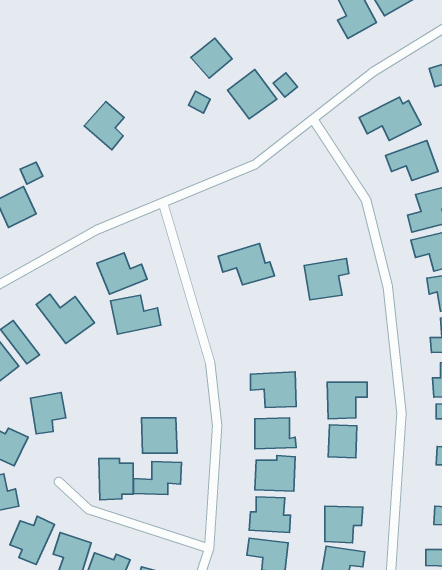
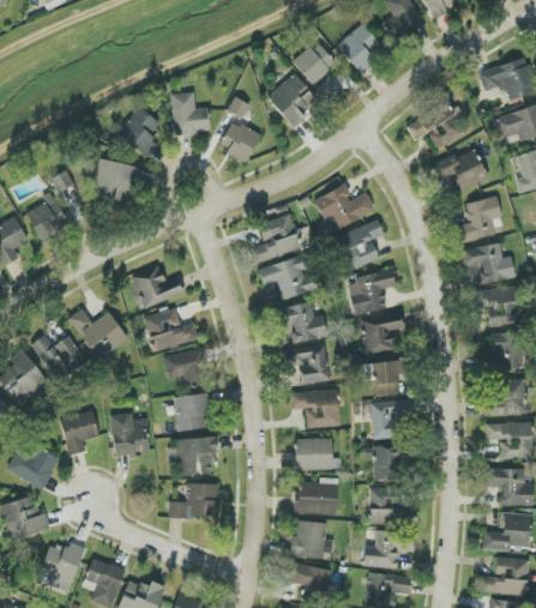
building: none -> [337,23,384,71]
building: [191,38,232,78] -> [293,42,336,84]
building: none -> [171,92,210,134]
building: none -> [222,121,259,162]
building: none -> [92,159,135,204]
building: none -> [314,185,375,231]
building: none -> [252,213,301,263]
building: none -> [336,218,385,271]
building: none -> [278,301,327,343]
building: none -> [361,313,405,354]
building: none -> [54,336,86,373]
building: none -> [290,344,330,384]
building: none -> [164,349,210,387]
building: none -> [371,359,409,396]
building: none -> [174,392,215,432]
building: [99,459,133,500] -> [112,414,147,457]
building: none -> [369,488,416,525]

